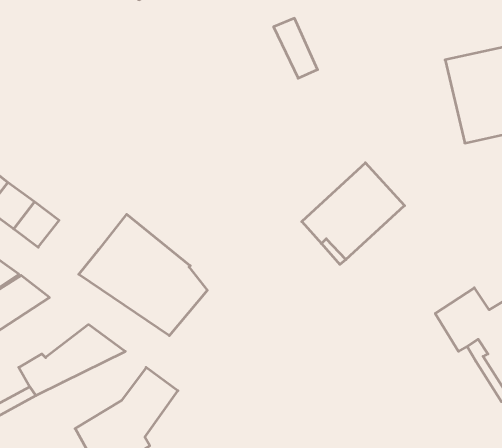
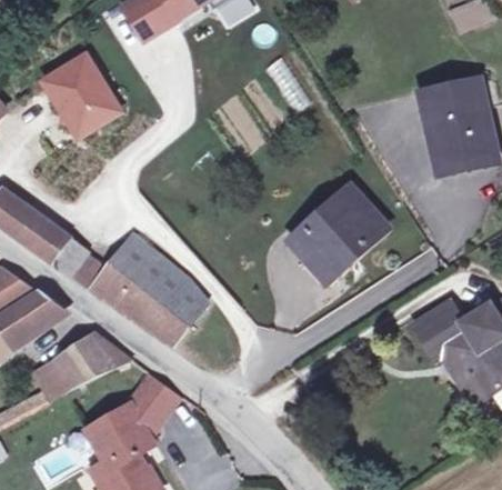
building: none -> [43,54,119,133]
building: none -> [52,240,107,289]

